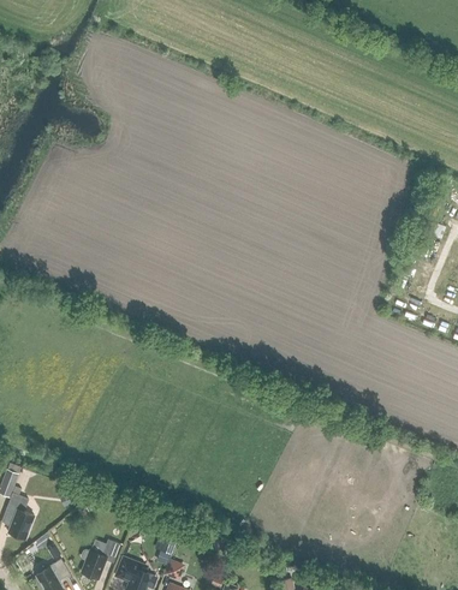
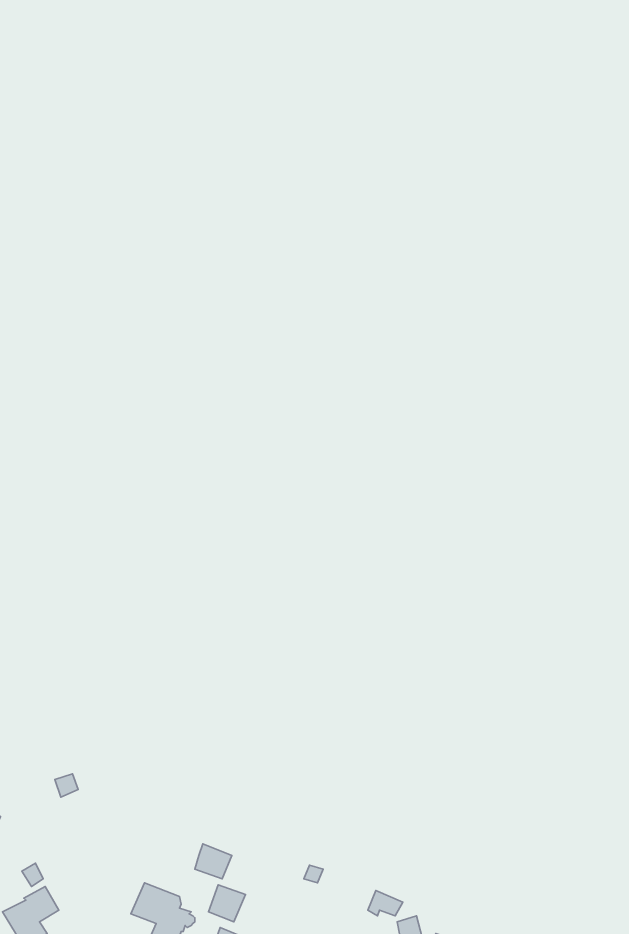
building: [81,540,120,580] -> none

